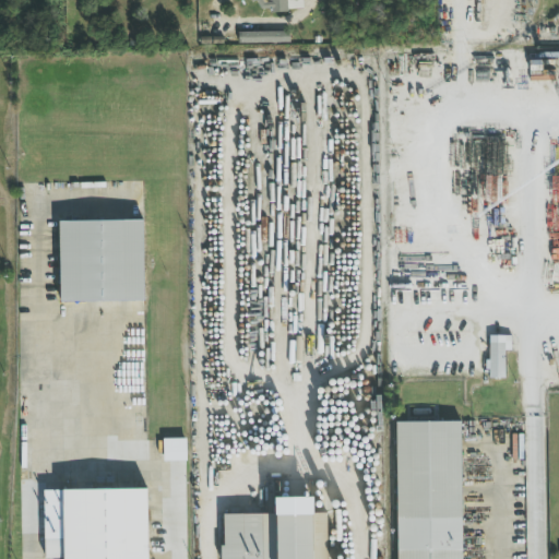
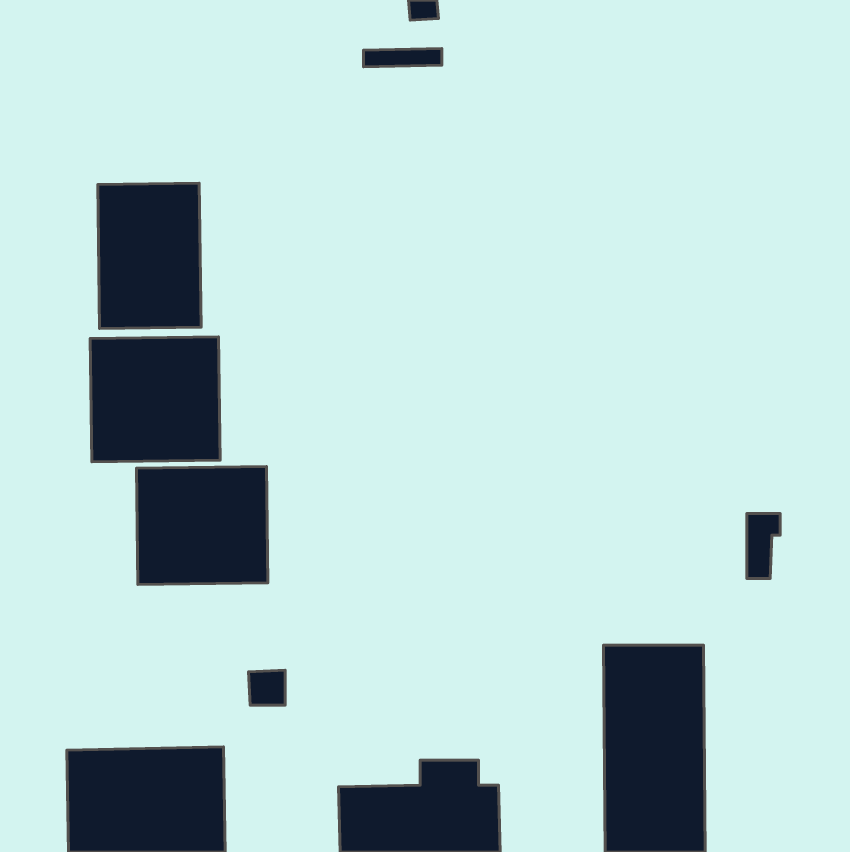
building: none -> [98,183,201,328]
building: none -> [136,466,268,585]

